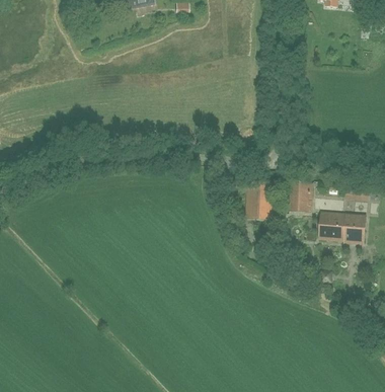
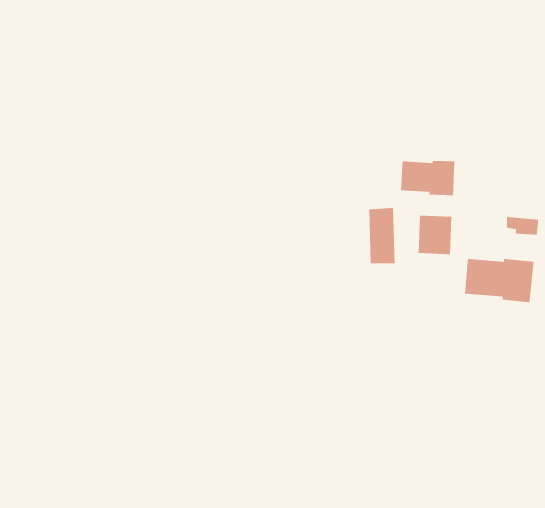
building: none -> [400,160,455,196]

